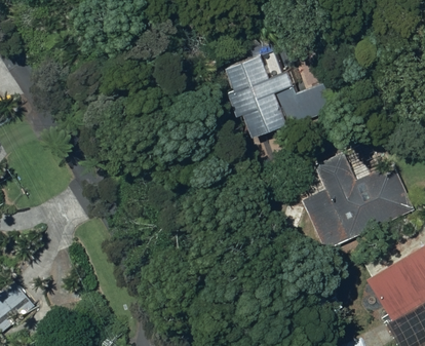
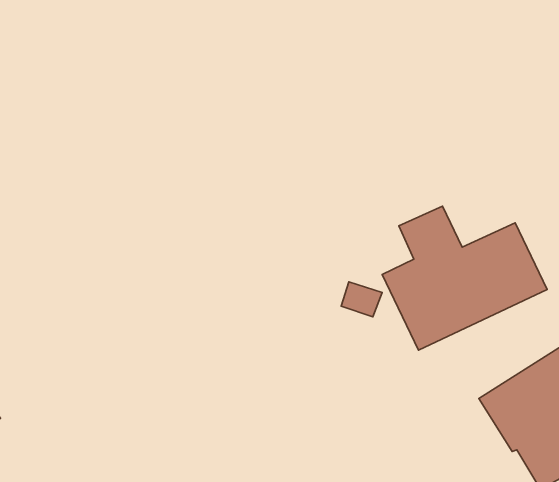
building: [217,55,331,140] -> none

